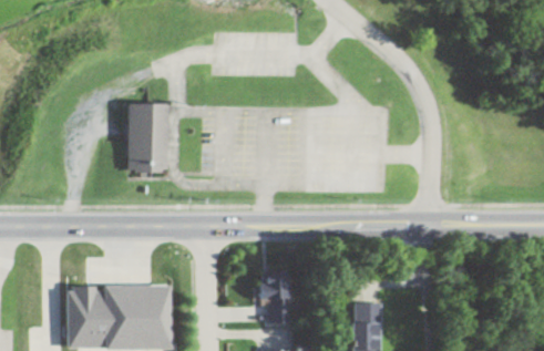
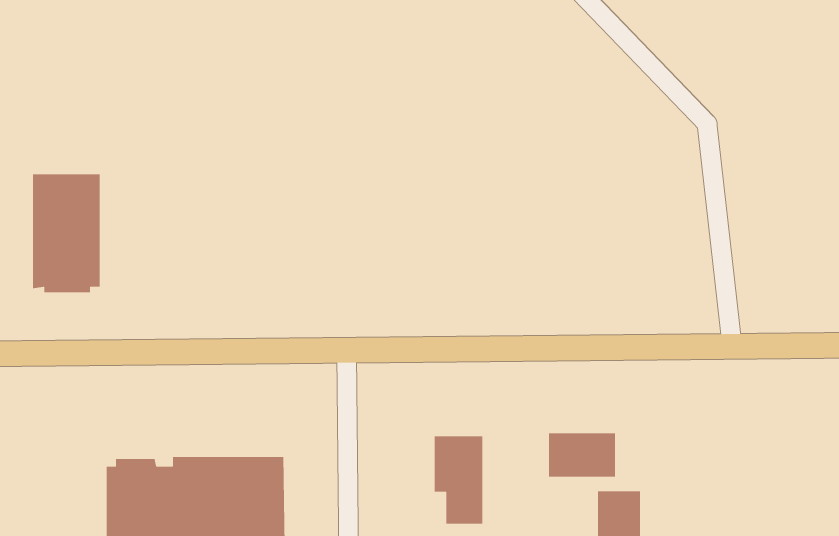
building: [127,101,167,171] -> [32,173,100,293]
building: none -> [548,432,616,478]

